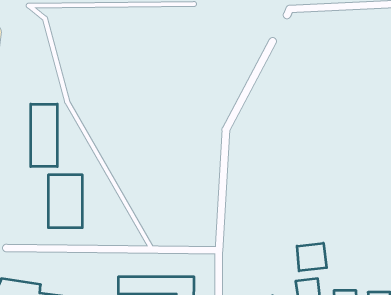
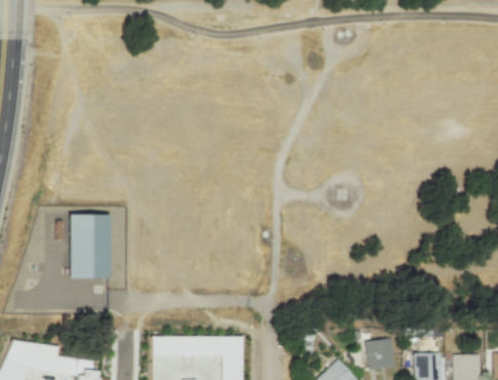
building: [31,104,57,167] -> none
building: [297,243,327,271] -> none

